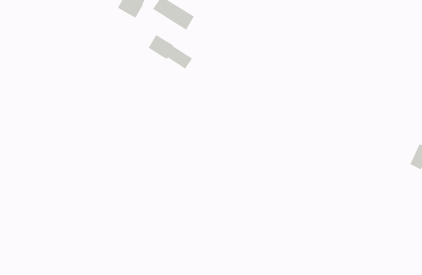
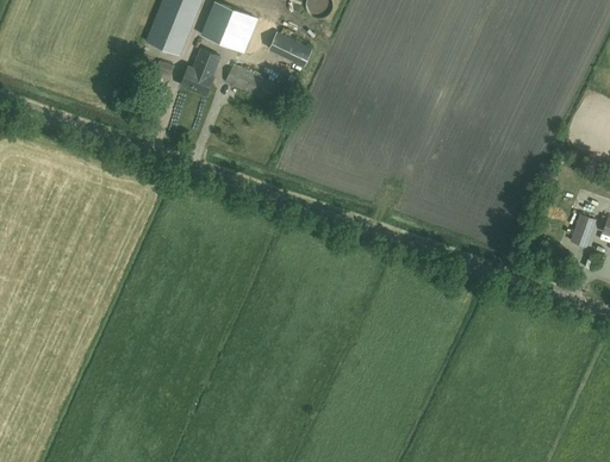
building: [148,34,193,70] -> none

